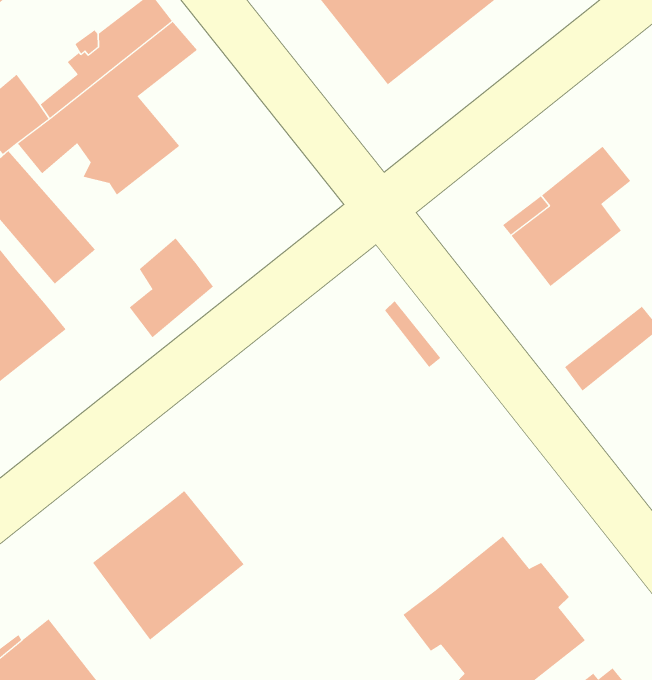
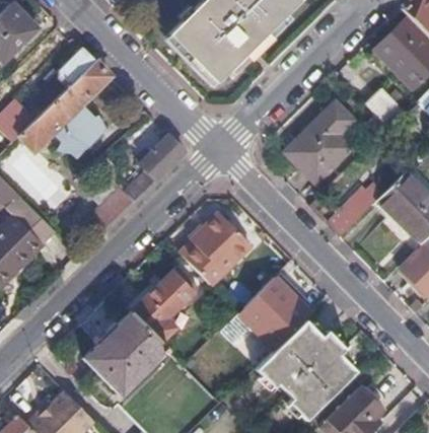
building: none -> [124,135,186,202]
building: none -> [184,213,249,285]
building: none -> [130,267,197,344]
building: none -> [235,279,309,353]

